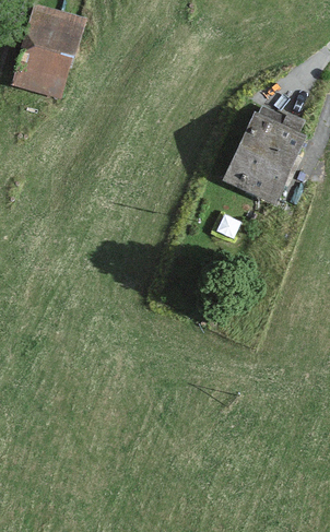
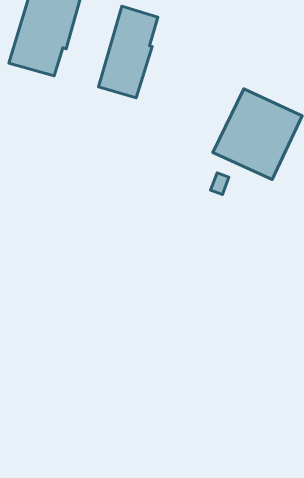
building: none -> [98,6,158,98]

